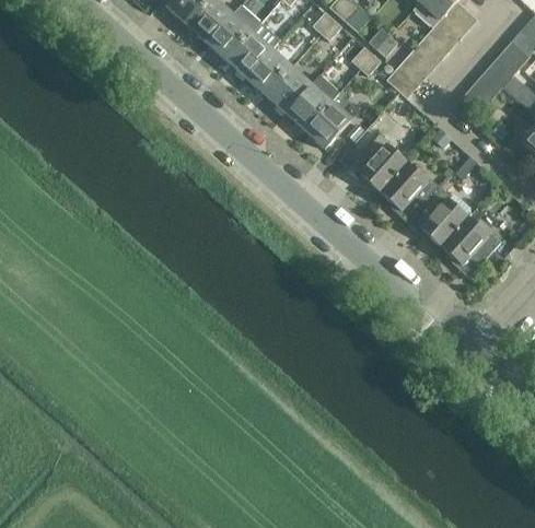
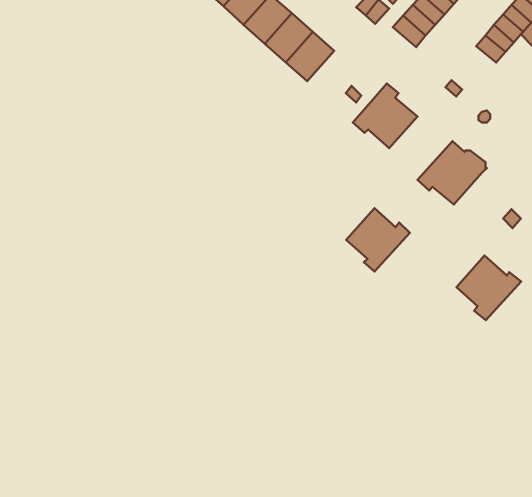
building: [305,101,350,146] -> none
building: [382,162,441,221] -> [346,208,410,272]
building: [442,214,502,274] -> [456,256,521,320]

